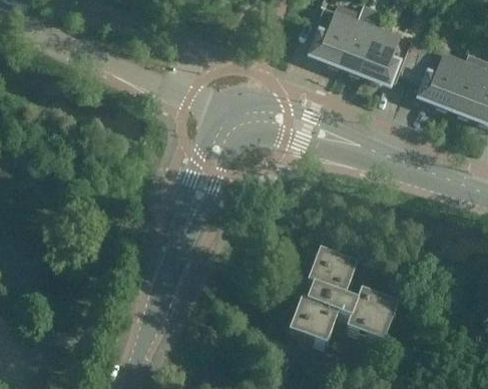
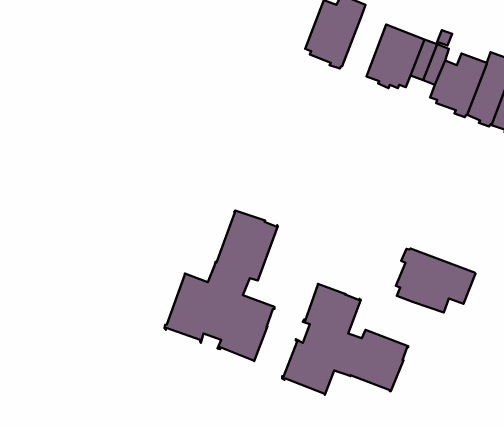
building: [340,20,378,75] -> none
building: none -> [164,211,278,361]
building: none -> [396,249,475,312]

